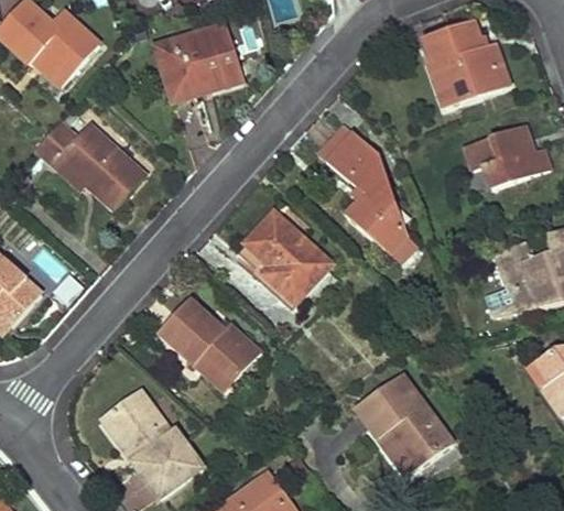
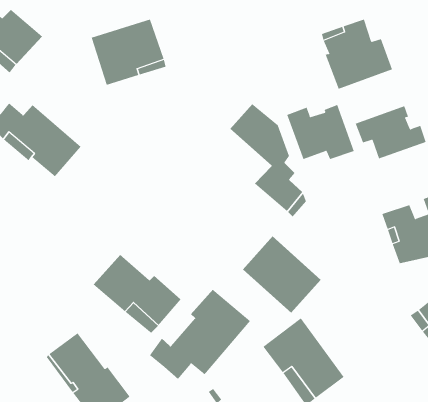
building: none -> [286,104,354,160]
building: [239,211,332,303] -> [242,235,321,314]
building: none -> [149,289,251,380]

